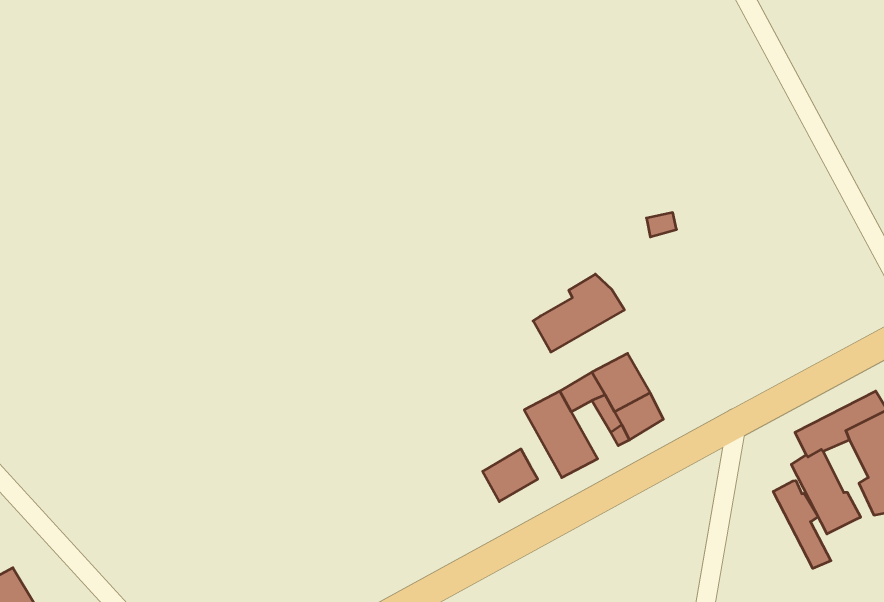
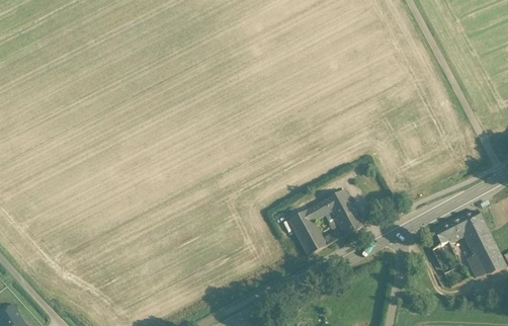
building: [533,274,624,352] -> none
building: [483,449,538,502] -> none
building: [773,481,831,568] -> none

